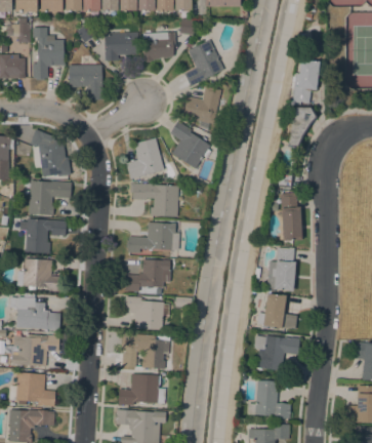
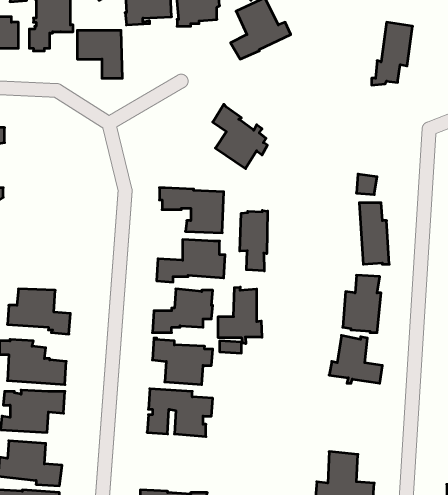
building: [179,86,221,131] -> none
building: [287,107,318,149] -> none
building: [30,129,71,176] -> none
building: [126,137,164,178] -> none
building: [29,180,72,215] -> none
building: none -> [240,210,268,271]
building: [19,218,66,253] -> none
building: none -> [218,287,262,344]
building: [254,335,299,370] -> none
building: [118,373,165,405] -> none

